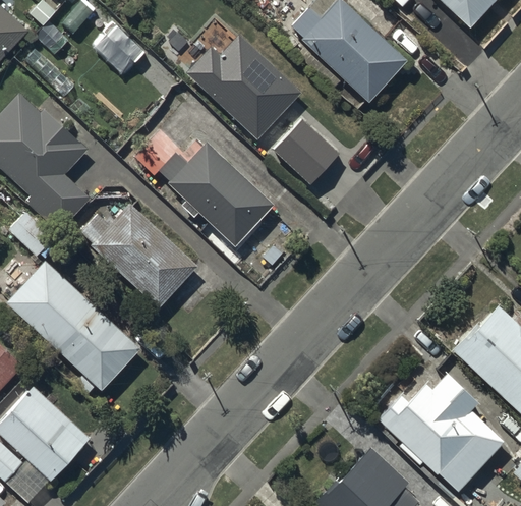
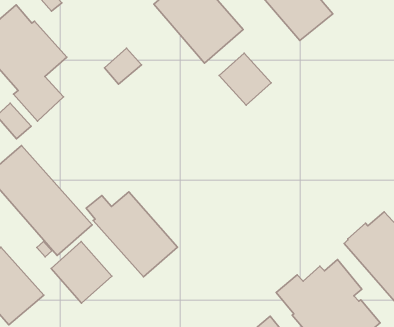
building: [169,145,274,247] -> none
building: [81,207,197,308] -> [86,192,178,277]
building: none -> [51,242,112,303]

